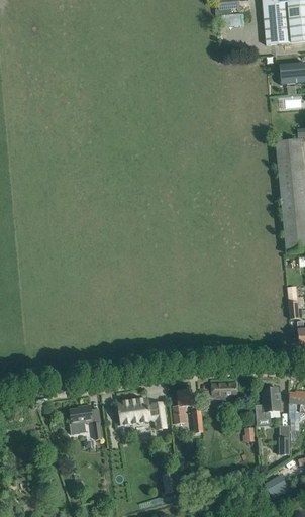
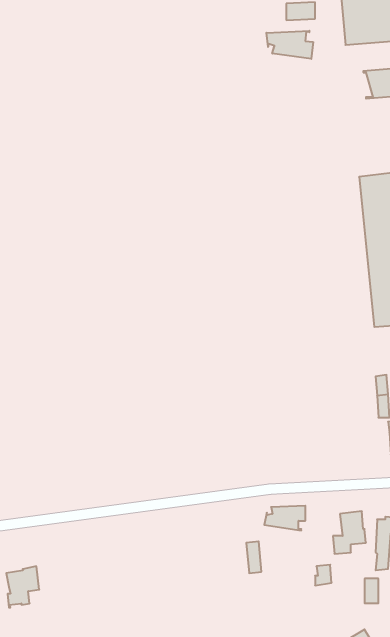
building: none -> [266,31,313,59]
building: [173,389,193,423] -> none
building: [118,398,166,429] -> none
building: [69,404,93,434] -> [6,566,39,608]

